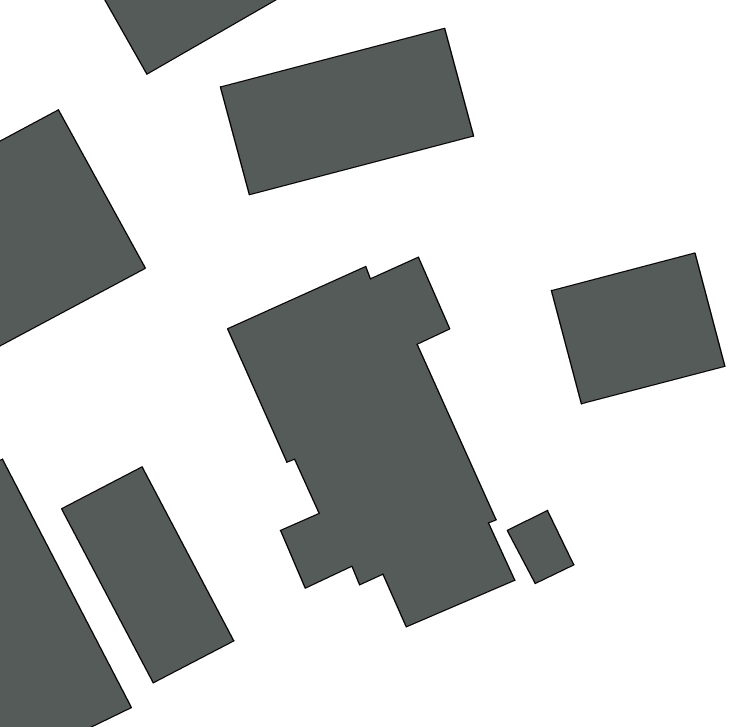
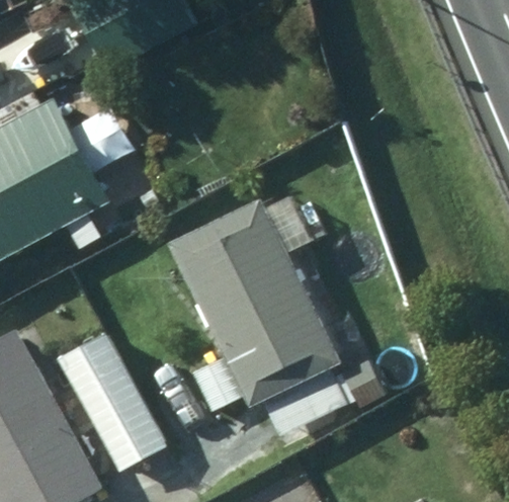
building: [221,28,473,195] -> none
building: [551,253,725,404] -> none

